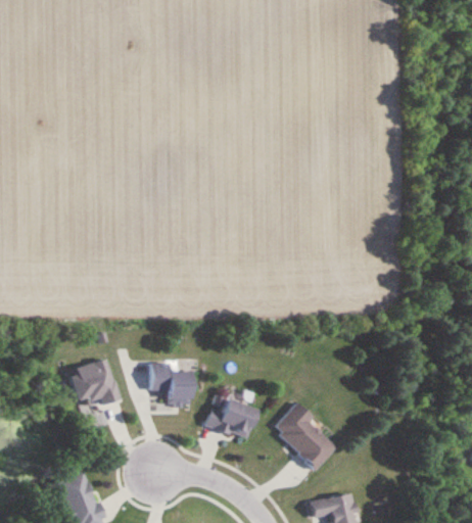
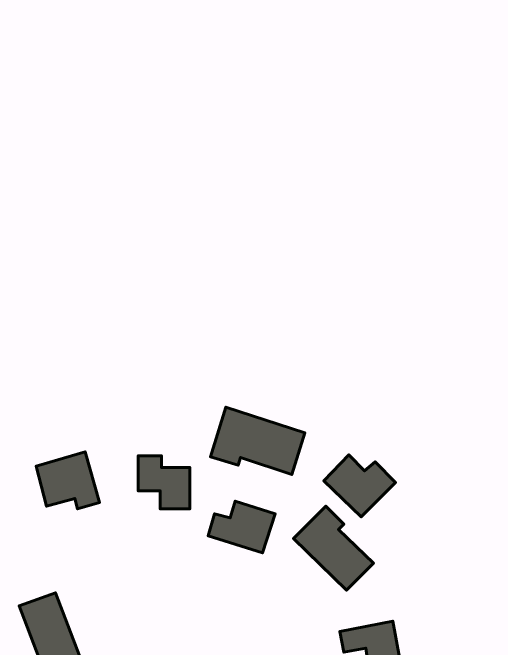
building: none -> [211,407,305,474]
building: none -> [324,455,395,517]

